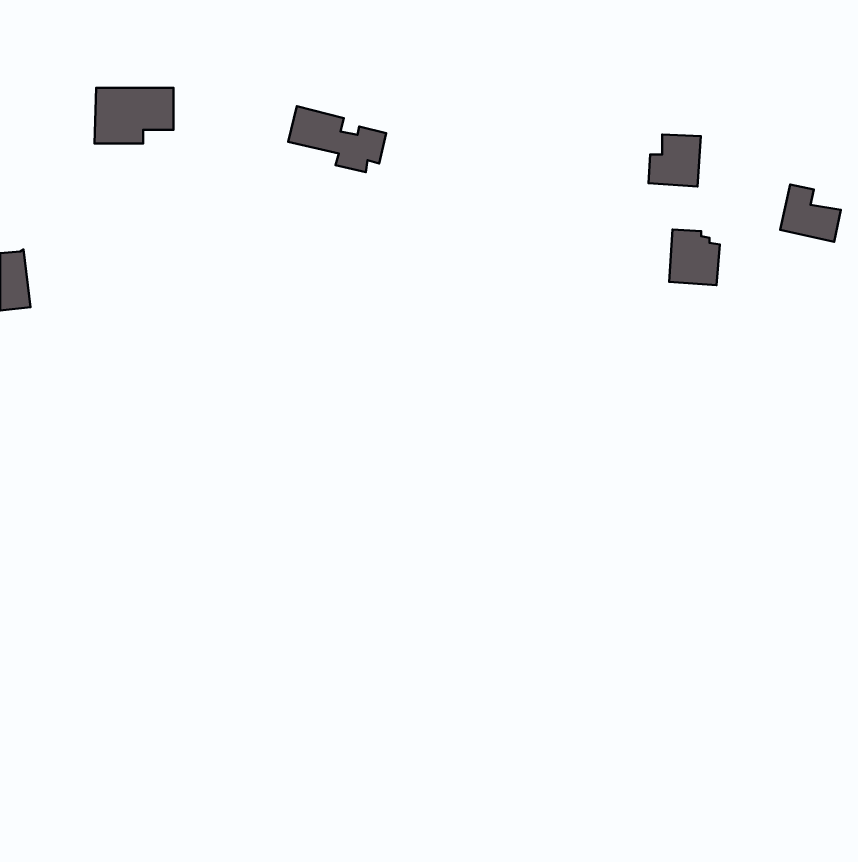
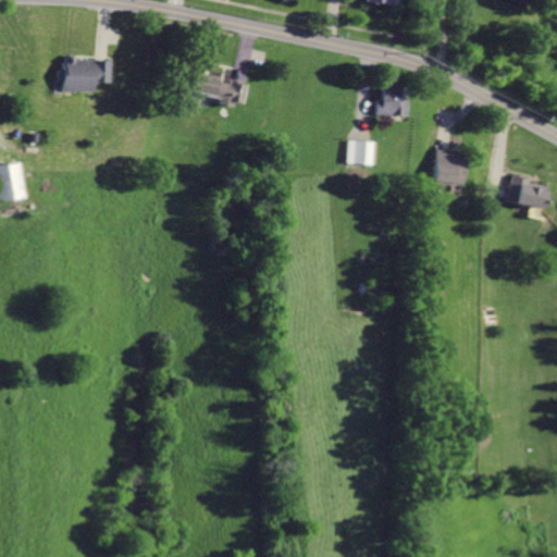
building: [649,134,701,187] -> [375,84,409,117]
building: [780,184,841,242] -> [509,173,548,210]
building: none -> [348,140,375,165]

